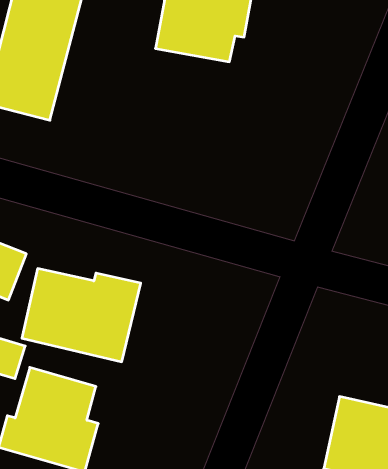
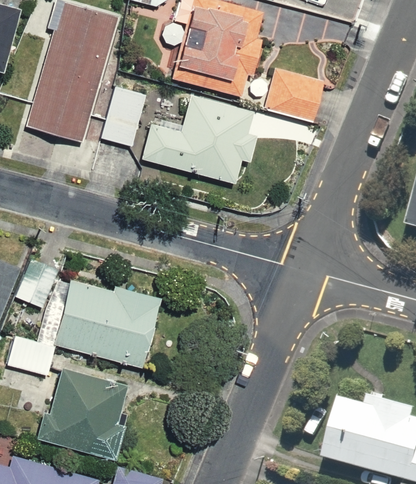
building: none -> [266,68,323,120]
building: none -> [100,84,147,147]
building: none -> [140,97,257,185]

